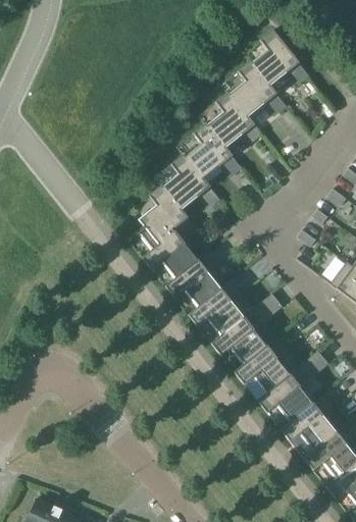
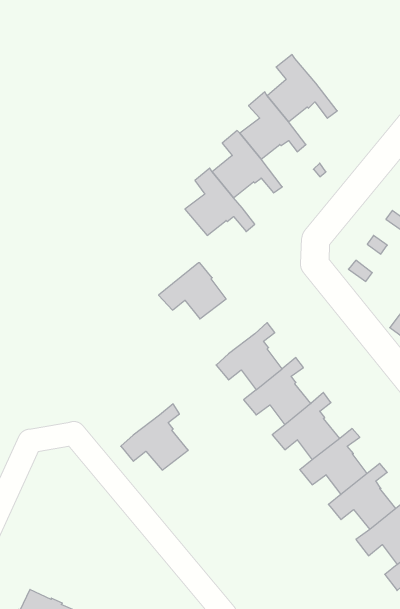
building: [253,31,309,85] -> none
building: [137,186,196,249] -> none
building: [165,252,220,306] -> [121,404,188,470]

